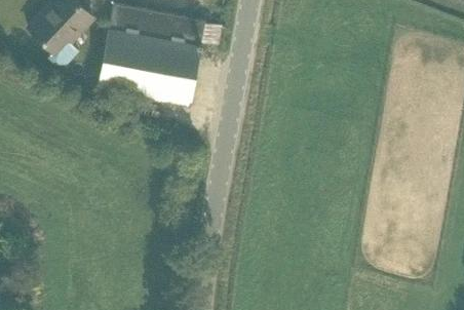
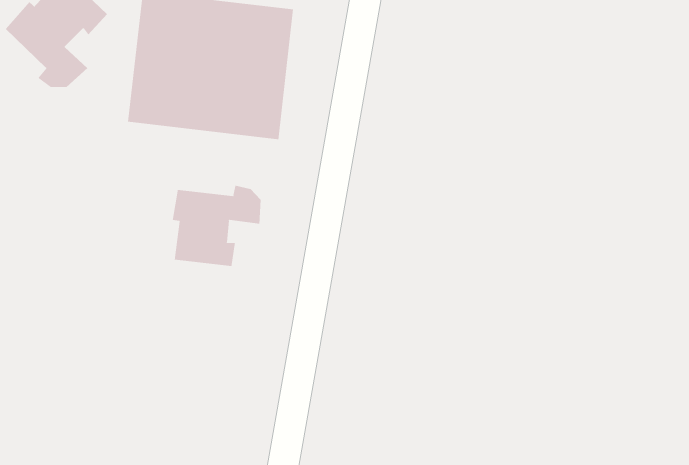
building: none -> [172,185,261,267]

